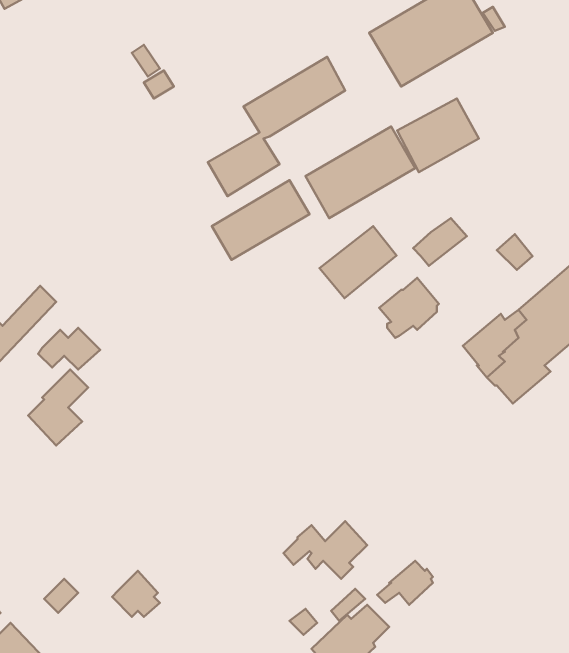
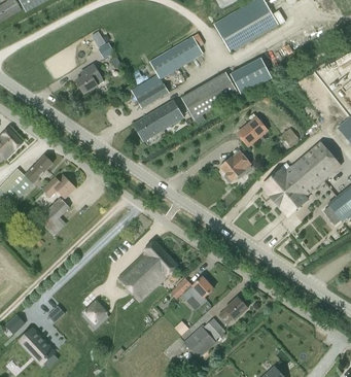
building: none -> [75,64,103,93]
building: [320,226,396,298] -> none
building: none -> [118,239,178,299]

